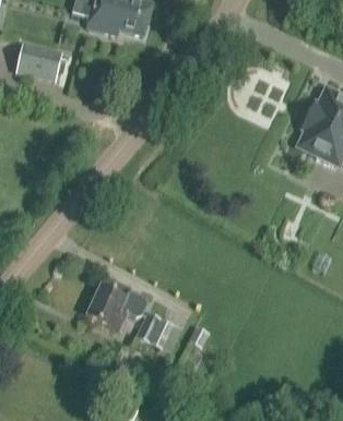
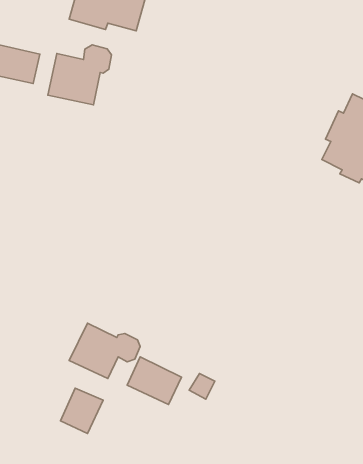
building: none -> [48,45,111,105]
building: none -> [60,388,103,434]

